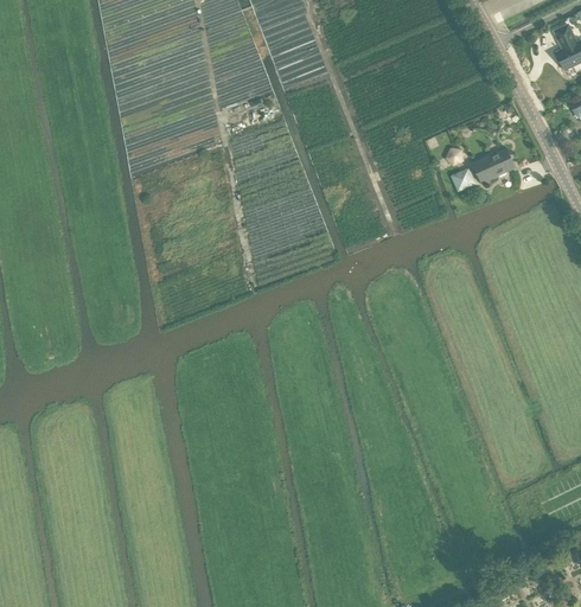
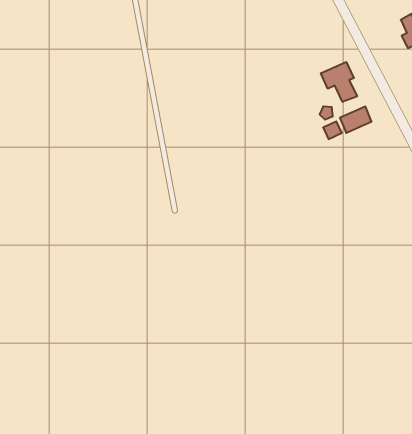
building: none -> [321,62,357,102]

